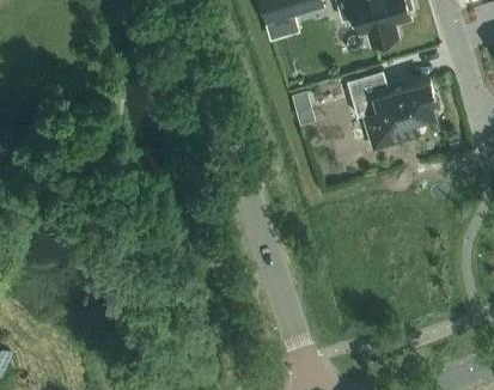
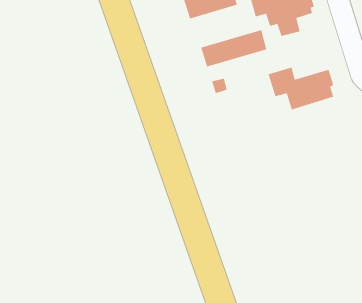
building: none -> [200,29,267,67]

